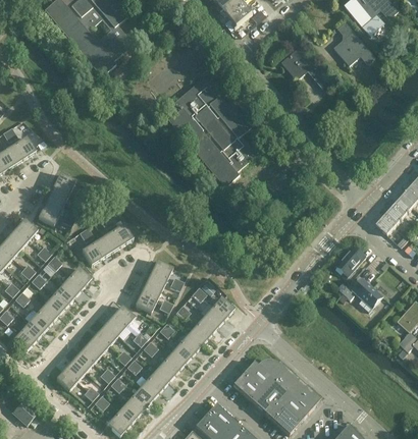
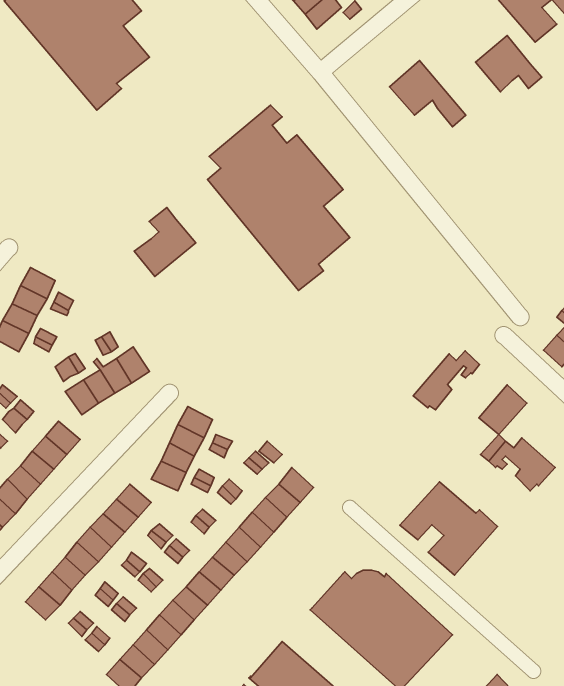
building: none -> [134,207,196,276]
building: none -> [413,351,479,410]
building: none -> [400,482,498,575]

